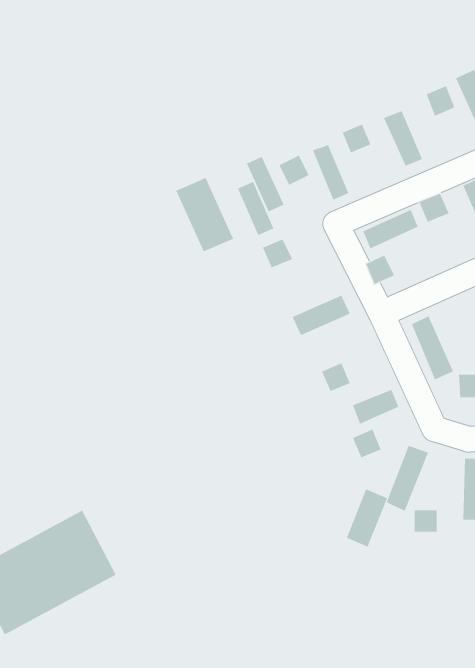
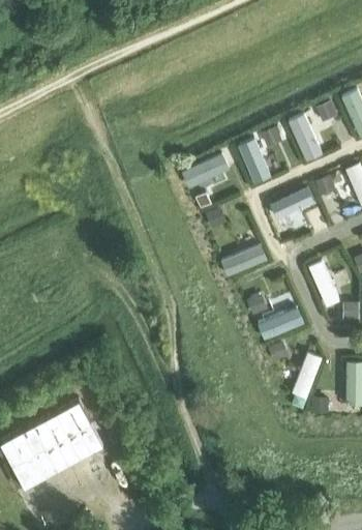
building: [175,177,234,252] -> none
building: [346,489,388,548] -> none

